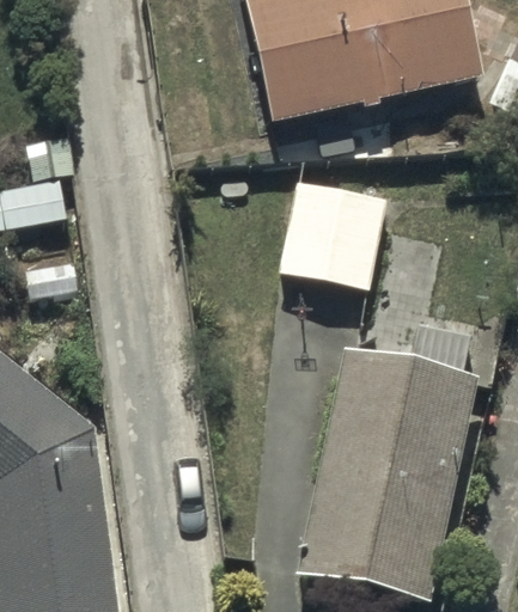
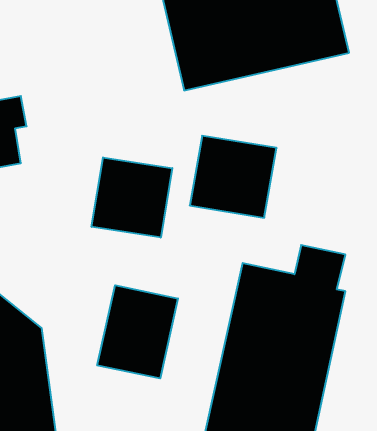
building: none -> [92,157,172,238]
building: none -> [97,285,178,378]

